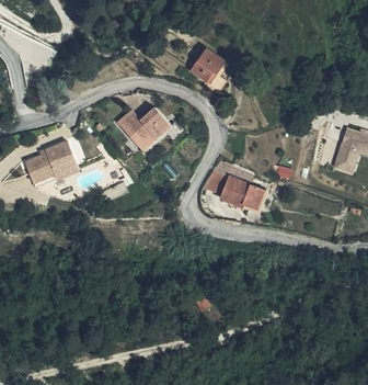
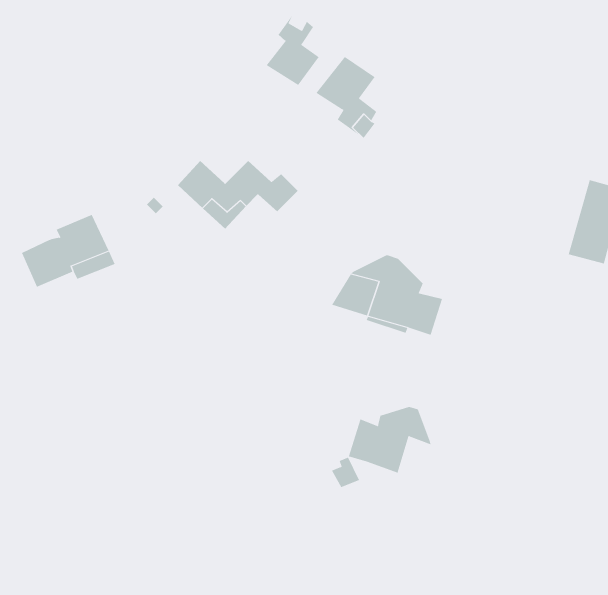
building: none -> [266,9,320,86]
building: none -> [348,406,431,473]

